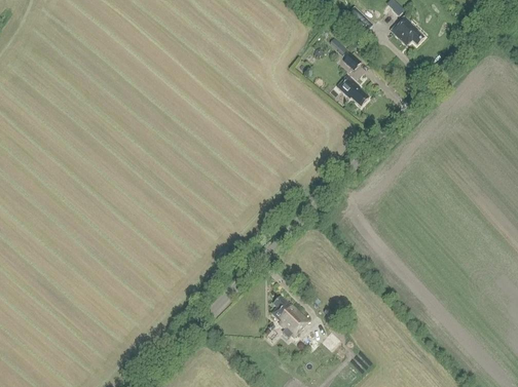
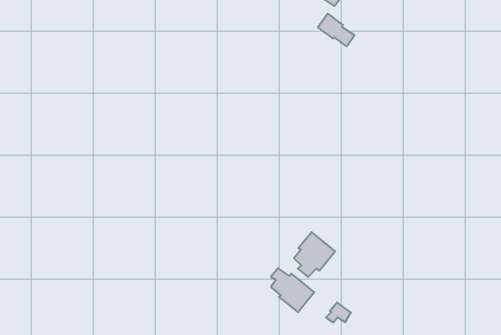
building: none -> [294,232,335,277]

